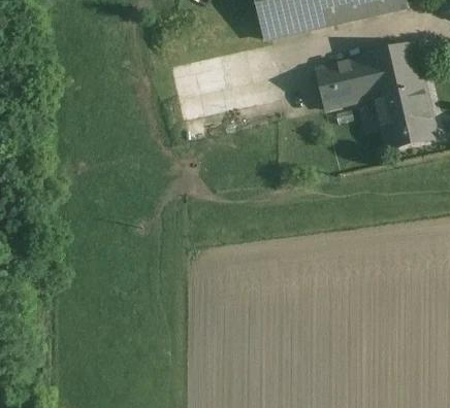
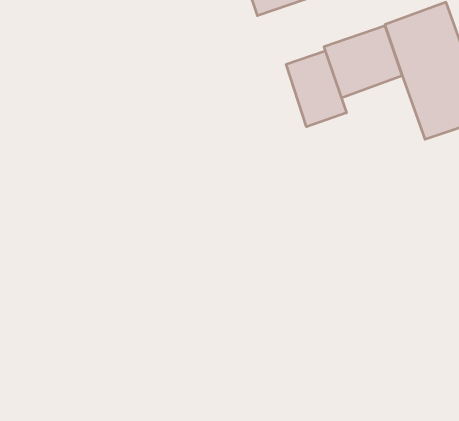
building: none -> [286,51,346,127]

